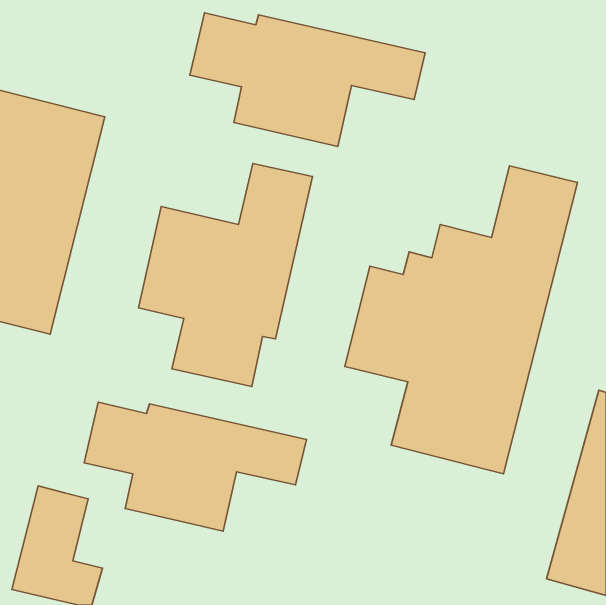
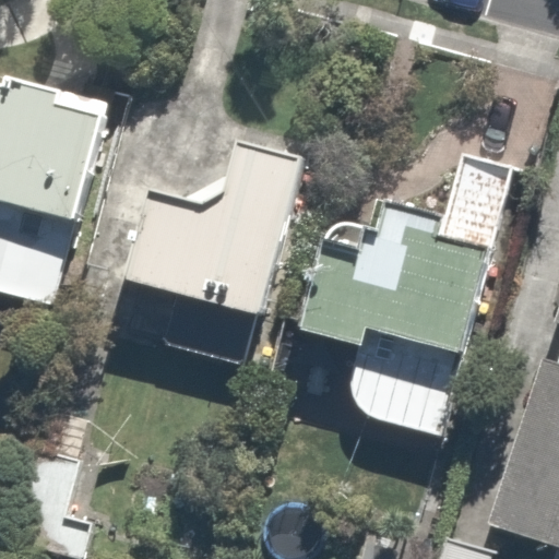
building: [190,13,425,146] -> none
building: [84,402,306,531] -> none

